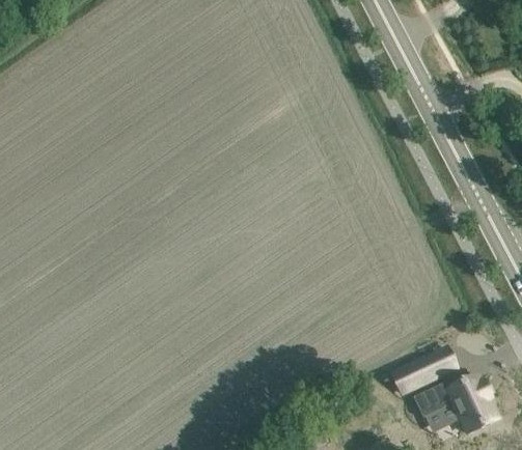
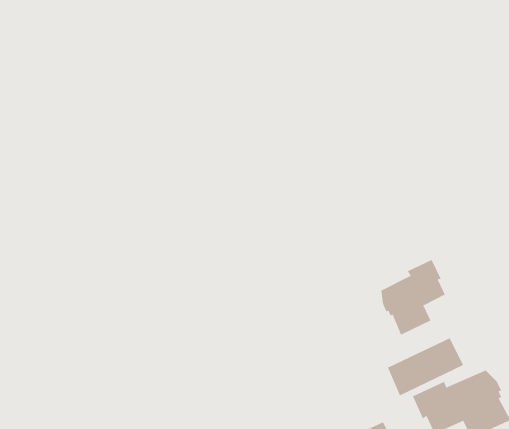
building: none -> [381,259,445,335]

